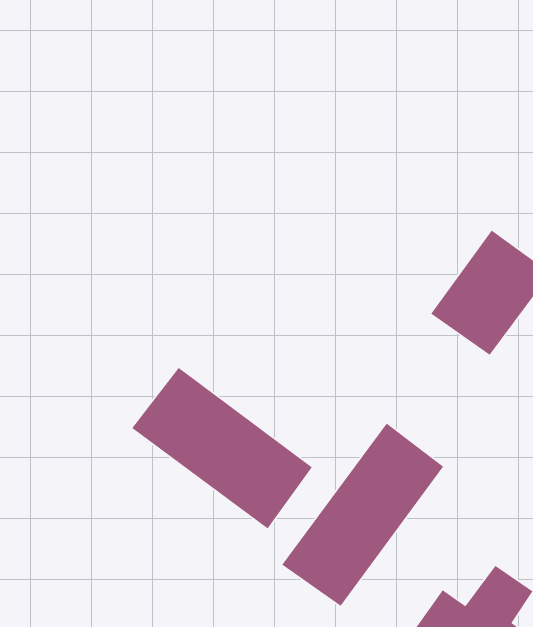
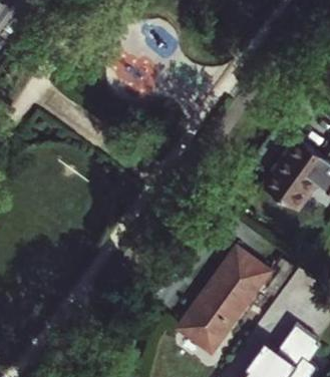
building: [131,367,313,530] -> none

